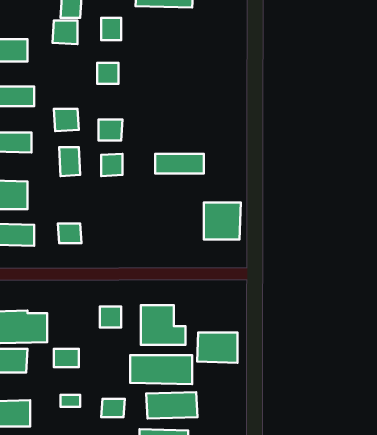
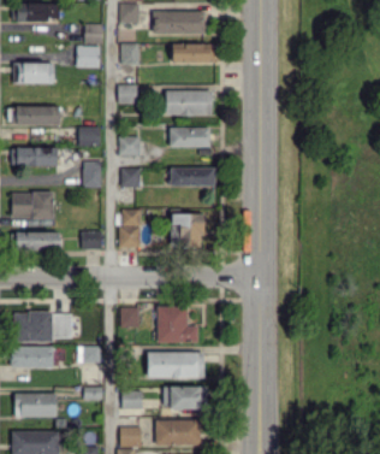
building: none -> [172,43,215,63]
building: none -> [165,90,212,116]
building: none -> [168,126,209,147]
building: none -> [119,210,139,248]
building: [204,202,241,239] -> [170,213,203,247]
building: [197,332,238,363] -> none

